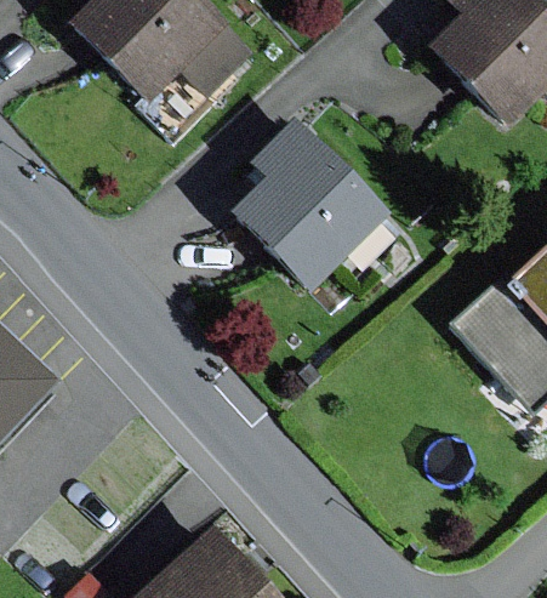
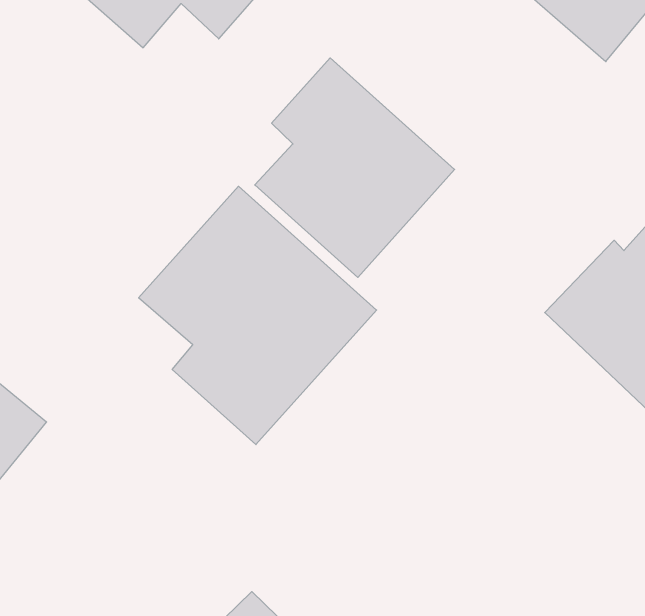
building: none -> [139,186,377,445]

